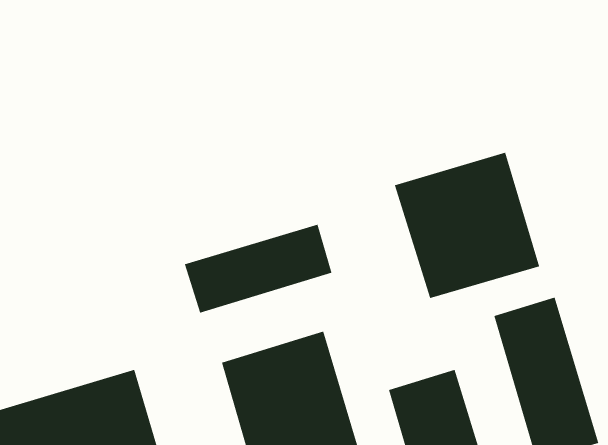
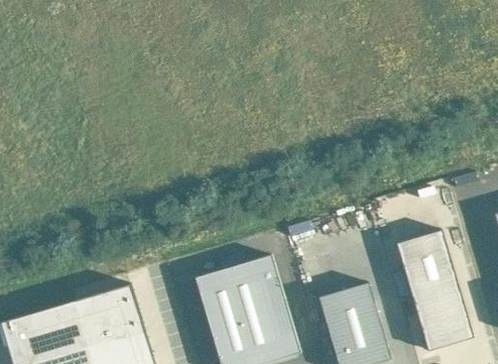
building: [394,152,540,299] -> none
building: [184,224,332,314] -> none

